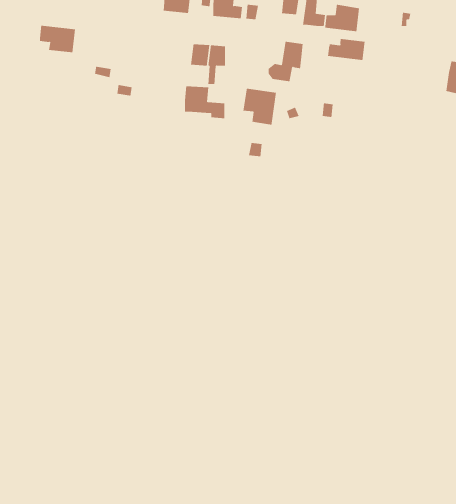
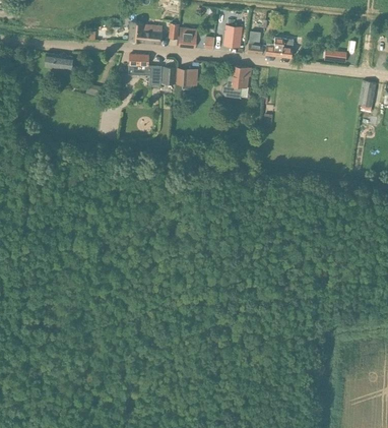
building: [327,38,365,61] -> none
building: [184,86,225,119] -> [129,54,160,79]
building: [243,88,276,125] -> none

